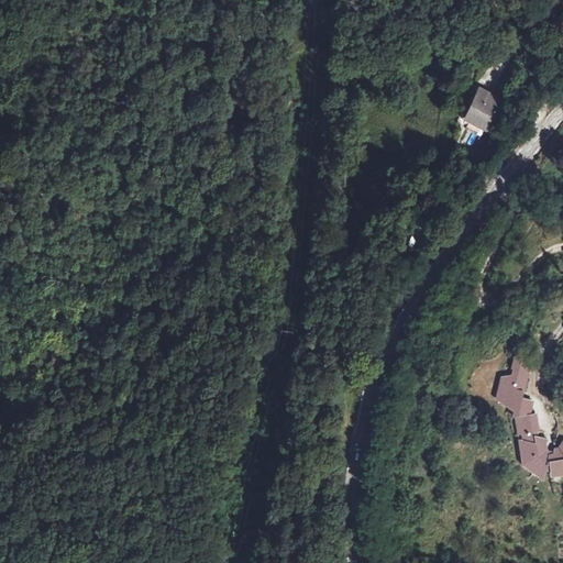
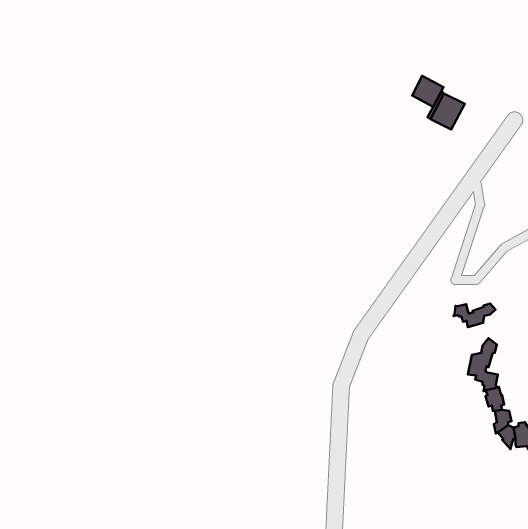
building: none -> [412,76,443,107]
building: none -> [454,303,495,327]

